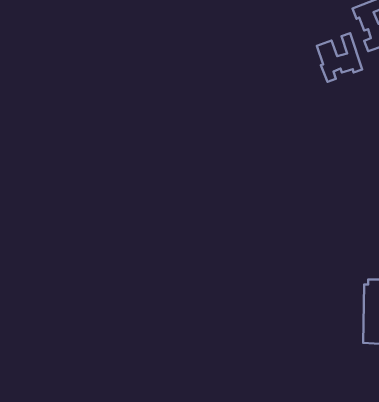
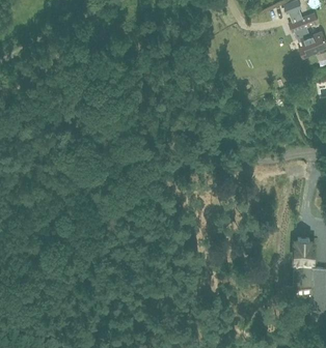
building: [317,33,362,82] -> none

